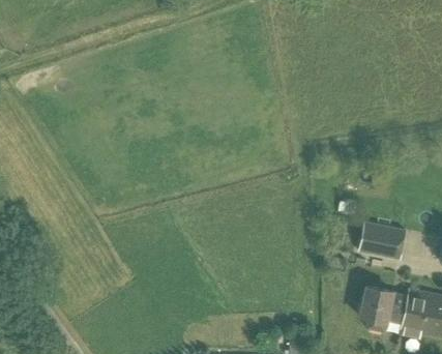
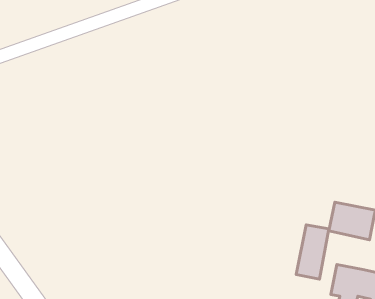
building: none -> [296,225,329,279]

